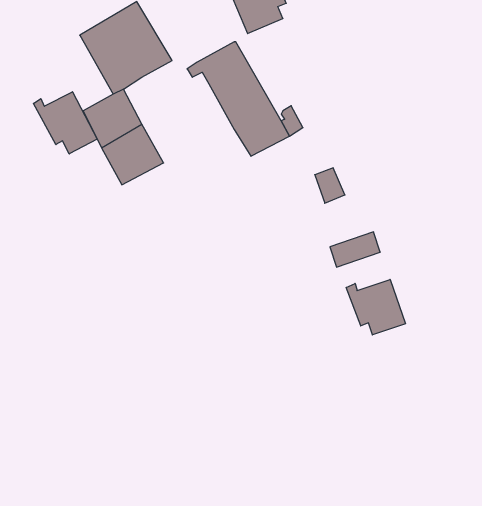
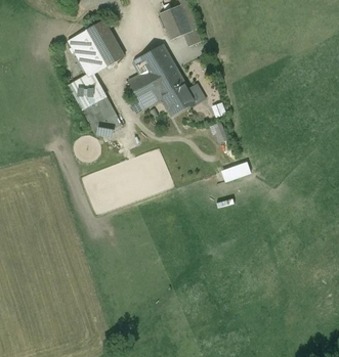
building: none -> [128,70,162,107]
building: [33,92,97,154] -> none
building: [346,279,405,335] -> none

